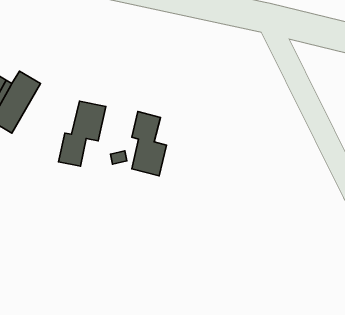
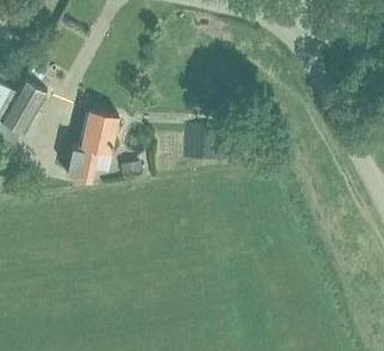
building: [132,111,167,176] -> none

